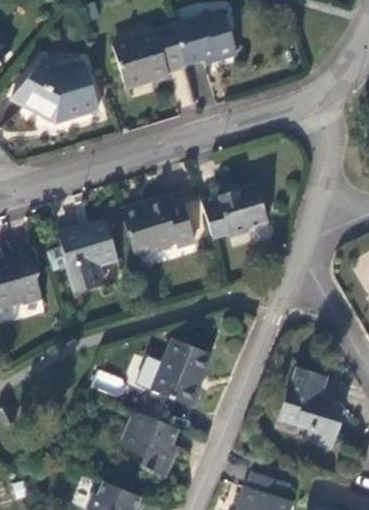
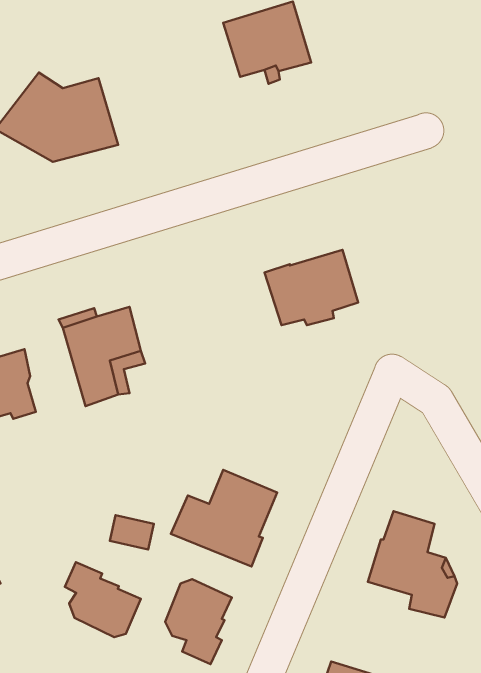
building: [112,24,185,83] -> none
building: [124,191,194,252] -> none
building: none -> [65,562,141,637]

